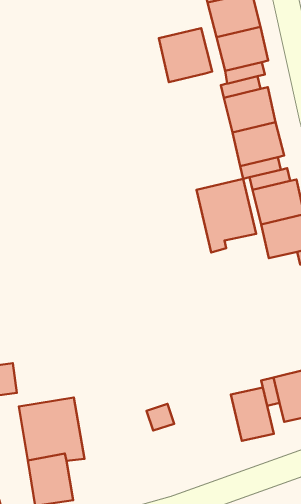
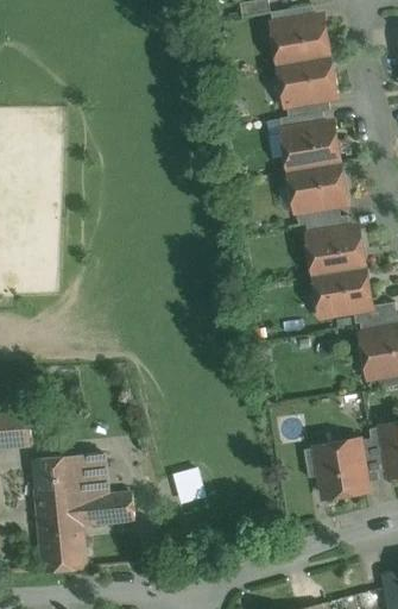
building: [159,28,212,82] -> none
building: [196,179,256,253] -> none
building: [231,387,274,441] -> none
building: none -> [94,453,134,523]

